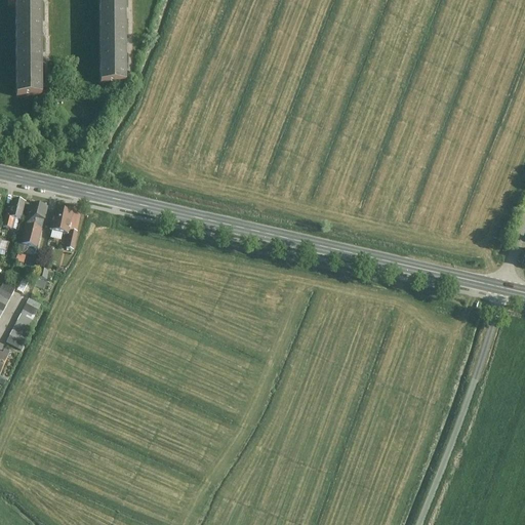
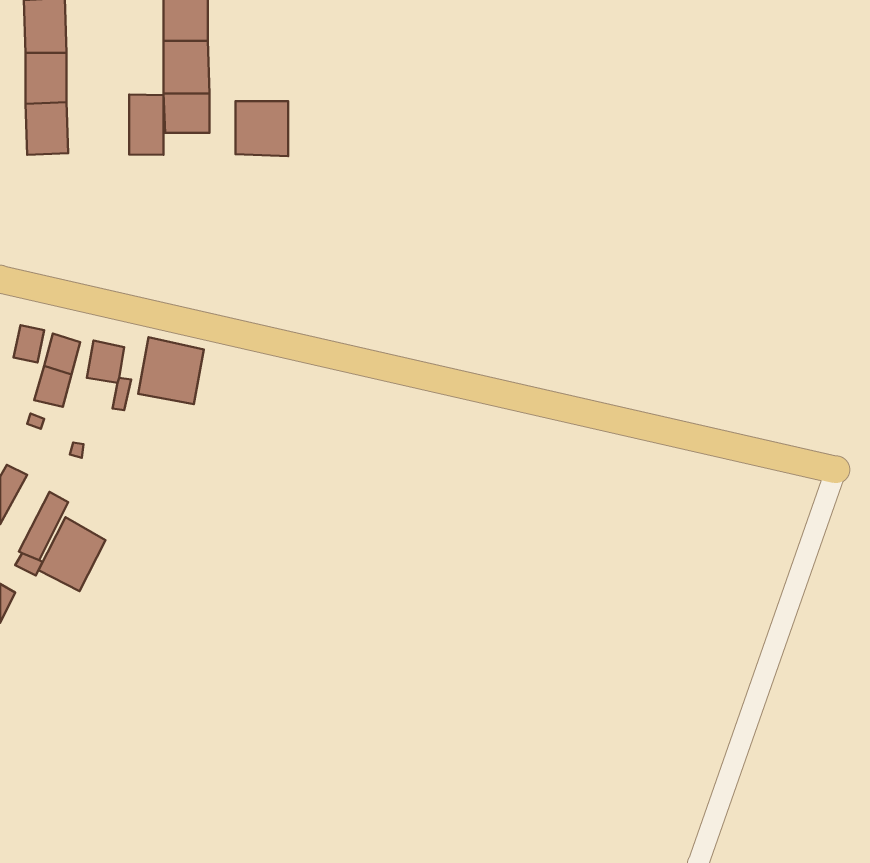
building: none -> [129,95,164,155]
building: none -> [236,101,288,156]
building: none -> [138,337,204,404]
building: none -> [38,517,106,591]

